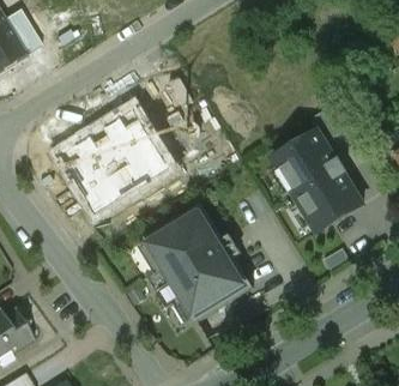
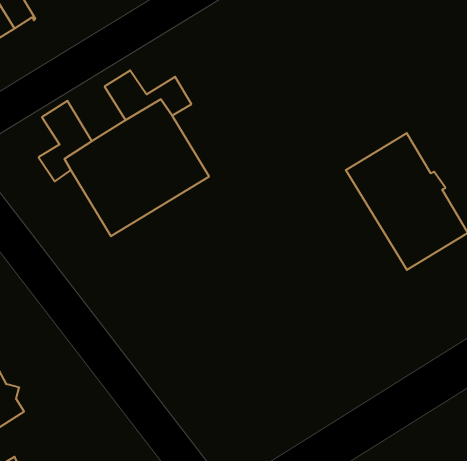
building: [146,204,254,321] -> none

